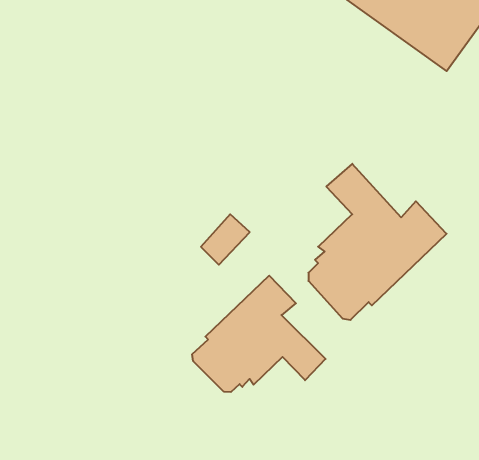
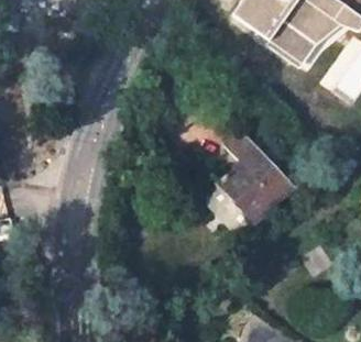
building: [192,276,326,392] -> none

